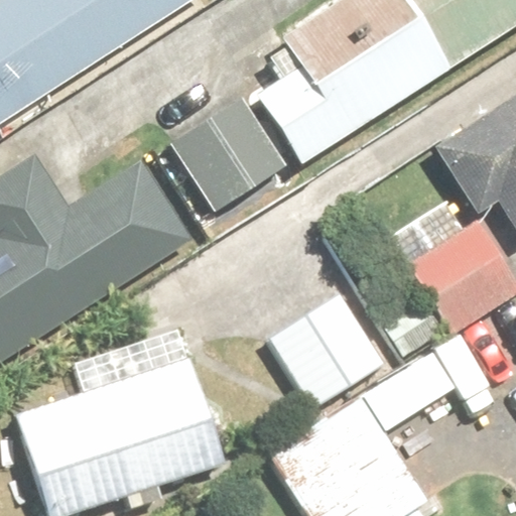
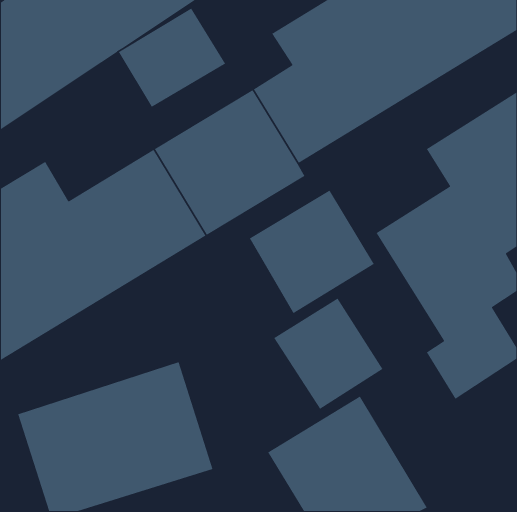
building: none -> [118,8,226,108]
building: none -> [249,190,375,314]

